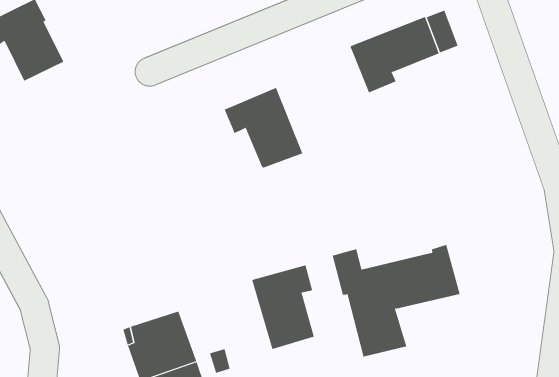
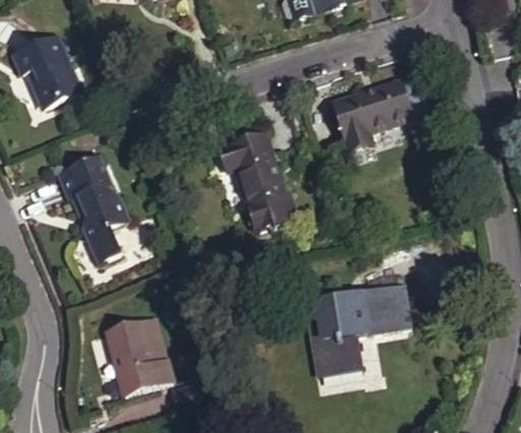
building: none -> [61,159,130,266]
building: none -> [243,189,295,228]
building: [251,264,315,350] -> none

